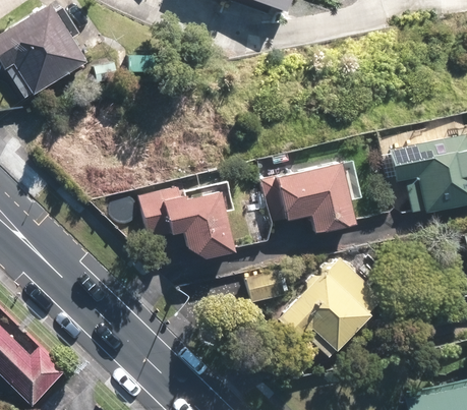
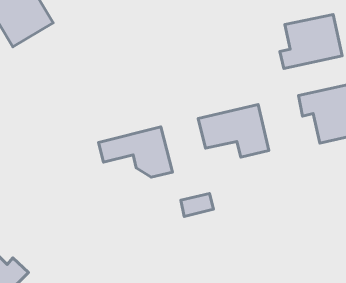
building: none -> [280,15,342,68]
building: [285,260,381,357] -> none

